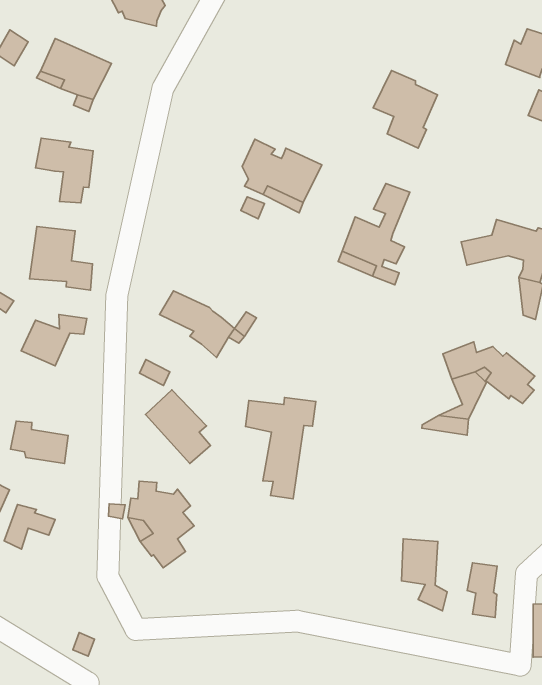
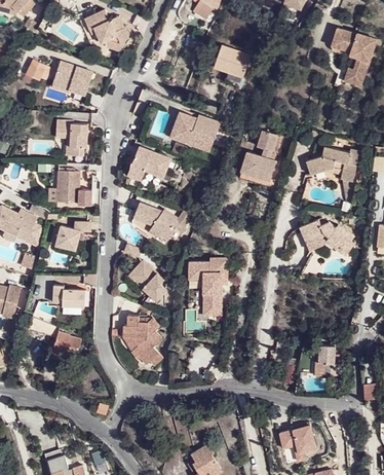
building: [373,70,438,148] -> [214,45,251,89]
building: none -> [129,147,172,180]
building: [401,539,447,611] -> none

